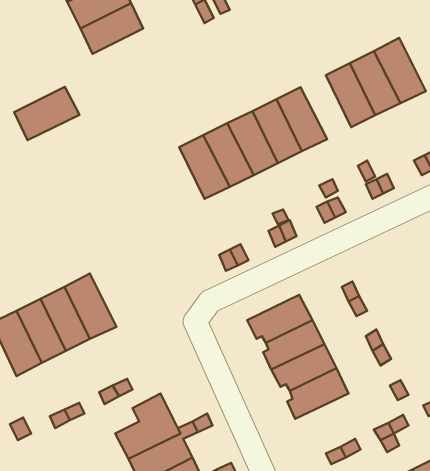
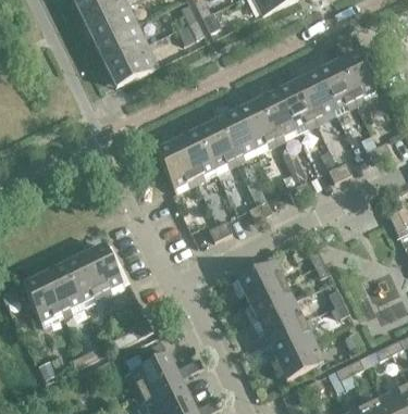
building: none -> [275,79,317,131]
building: [14,87,79,140] -> [106,41,159,85]
building: none -> [156,138,197,191]
building: none -> [271,339,324,378]

